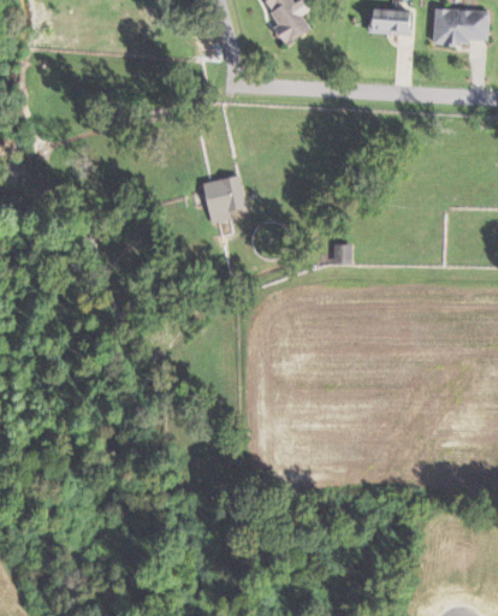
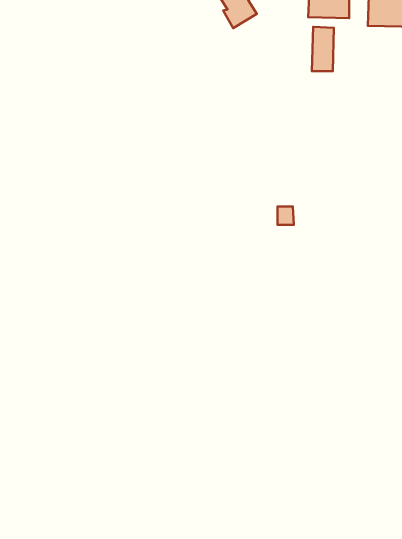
building: none -> [312,27,334,71]
building: [204,174,244,220] -> none

